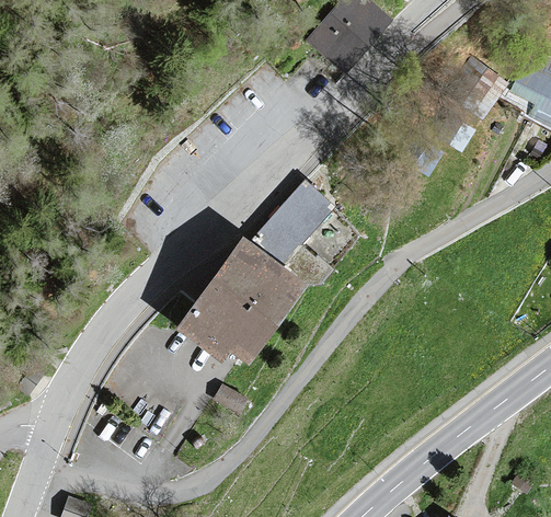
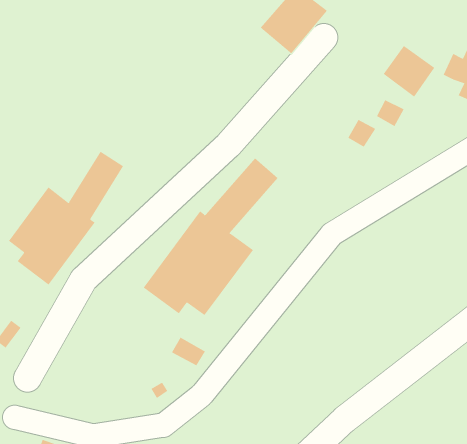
building: none -> [8,151,124,285]

